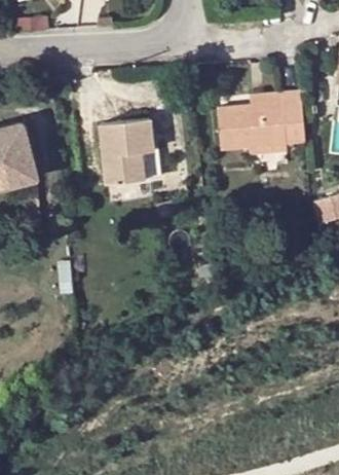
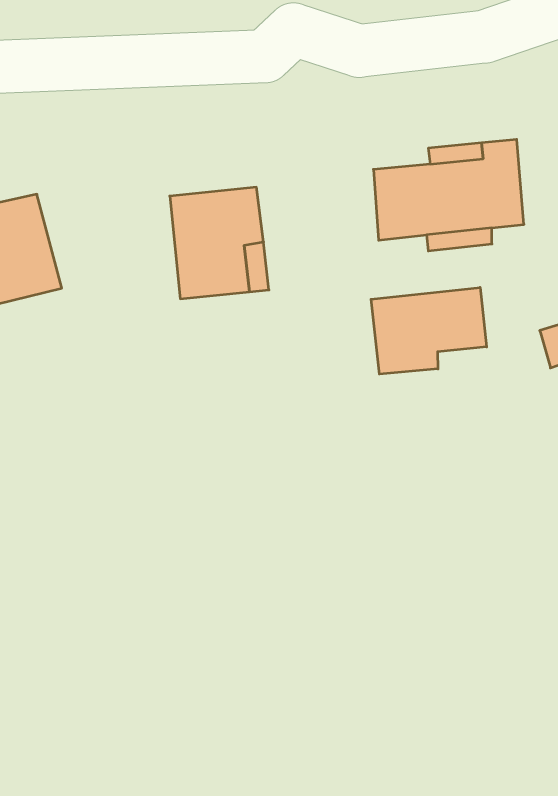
building: none -> [371,287,487,374]

